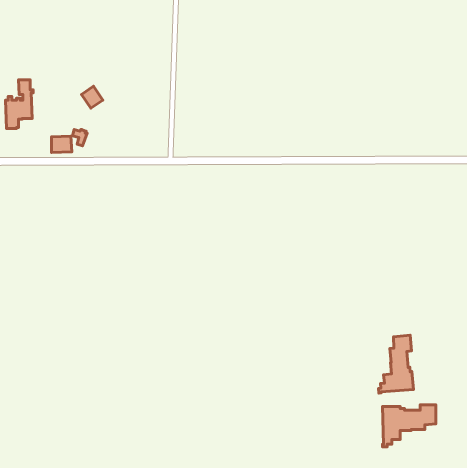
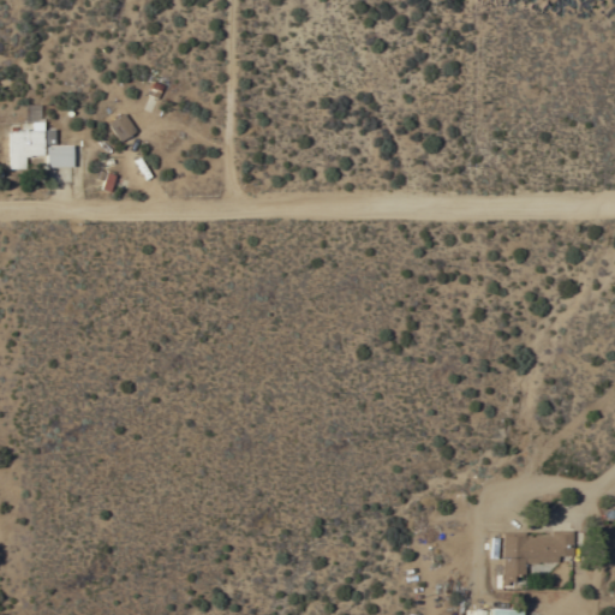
building: [52,136,72,153] -> [47,147,73,168]
building: [379,335,413,393] -> none

